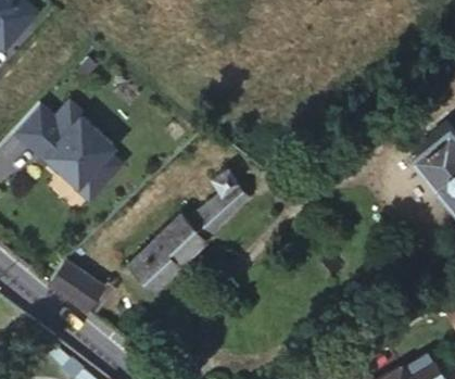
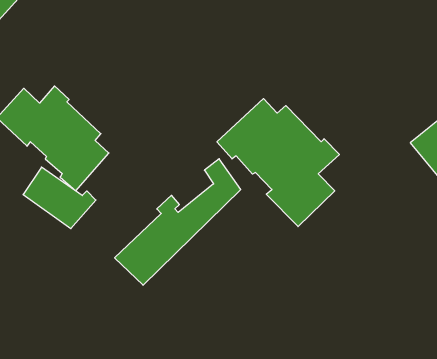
building: none -> [217,99,339,227]
building: [47,261,116,319] -> [23,167,96,229]

